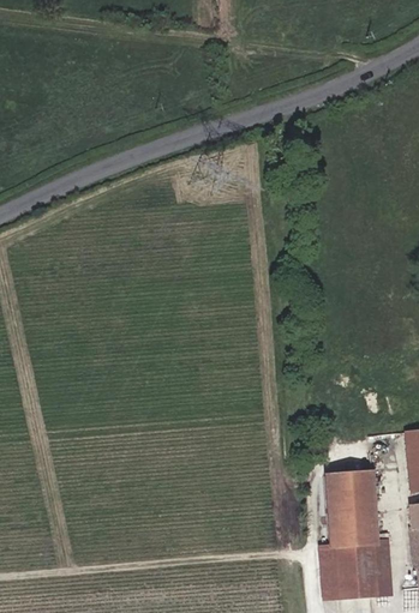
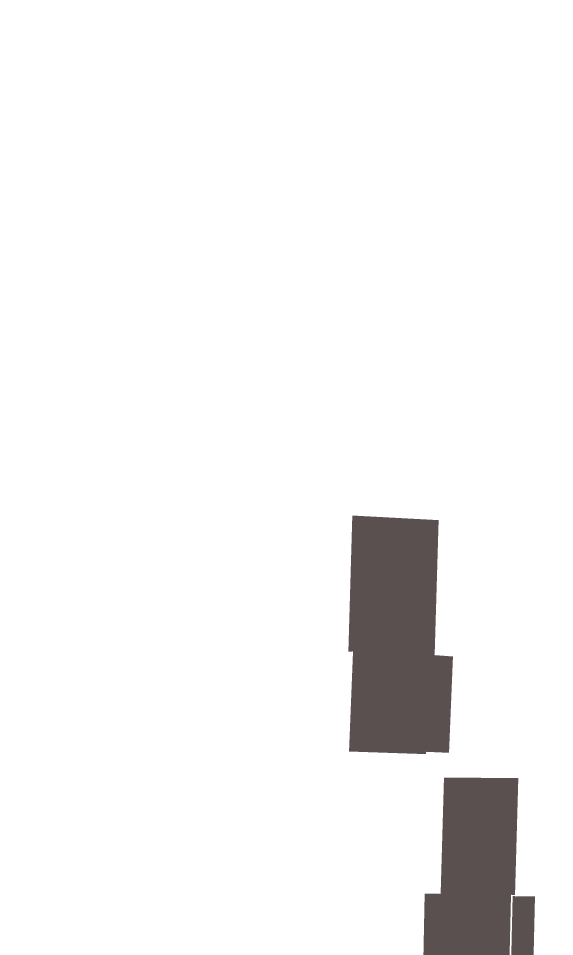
building: none -> [348,515,453,755]

